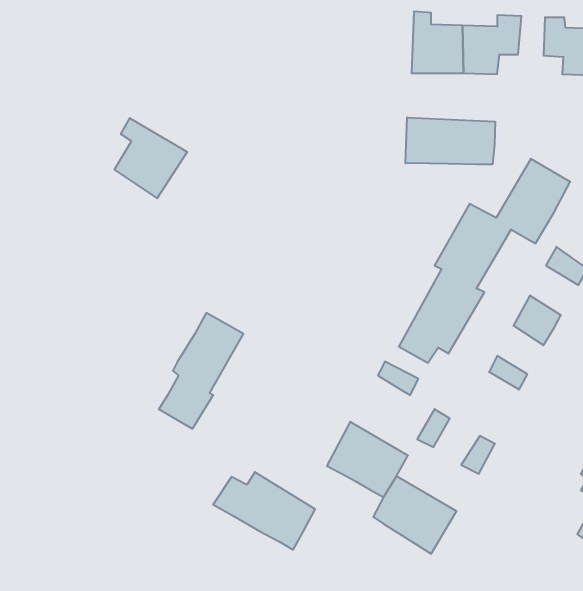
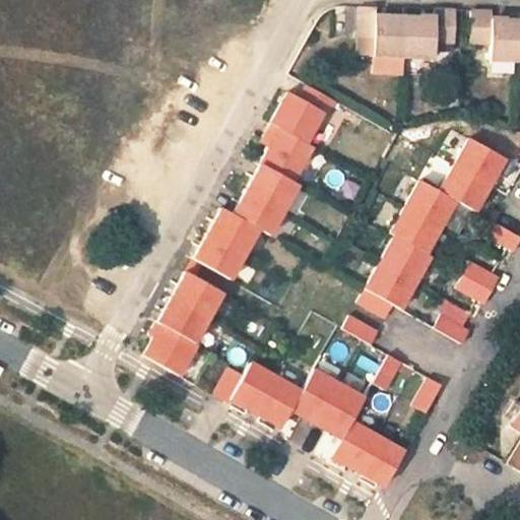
building: none -> [190,83,339,283]
building: [405,117,495,164] -> none
building: [115,118,187,198] -> none
building: [213,472,315,550] -> [215,356,305,425]

